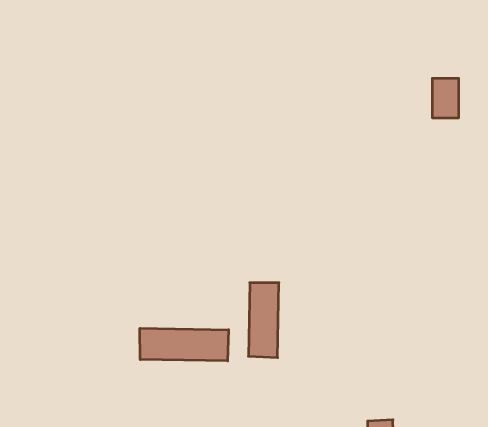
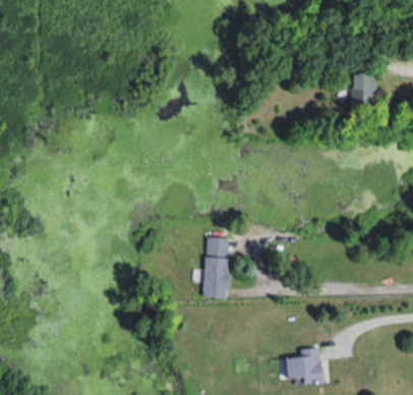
building: [140,328,229,361] -> none

